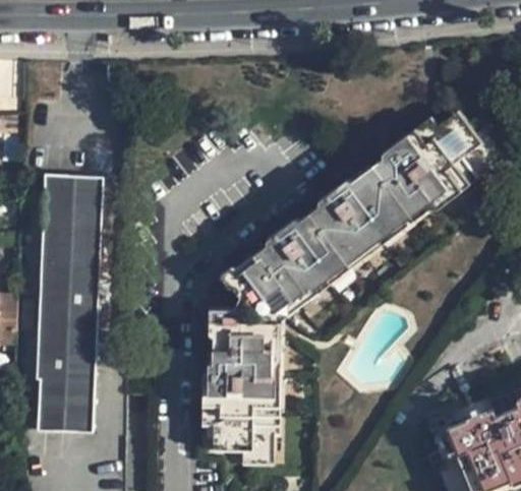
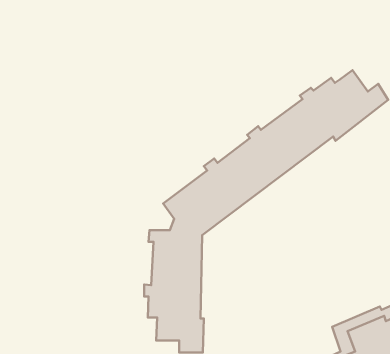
building: [36,178,102,435] -> none

